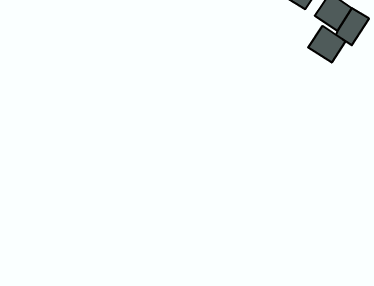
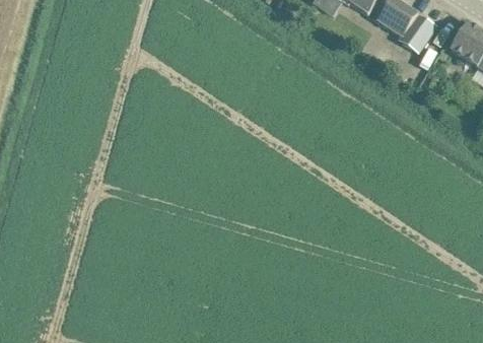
building: [308,26,345,63] -> none

